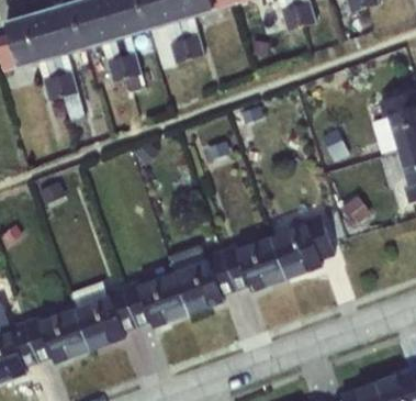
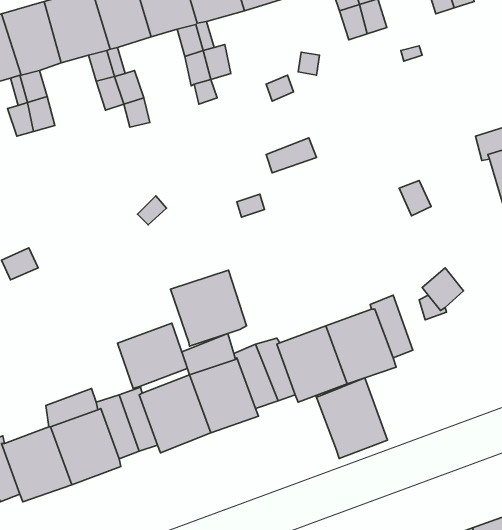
building: none -> [171,270,247,346]
building: none -> [118,323,187,389]
building: none -> [316,378,388,459]

